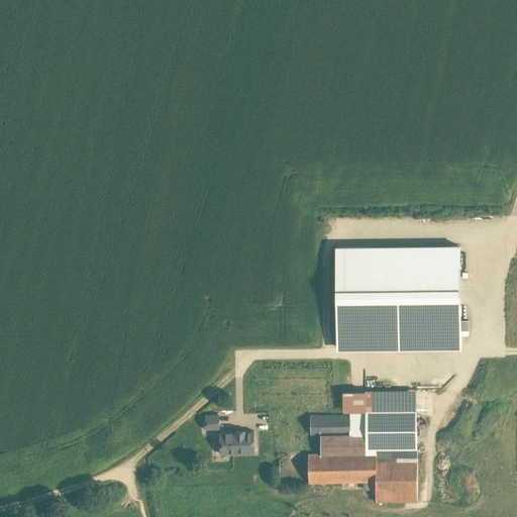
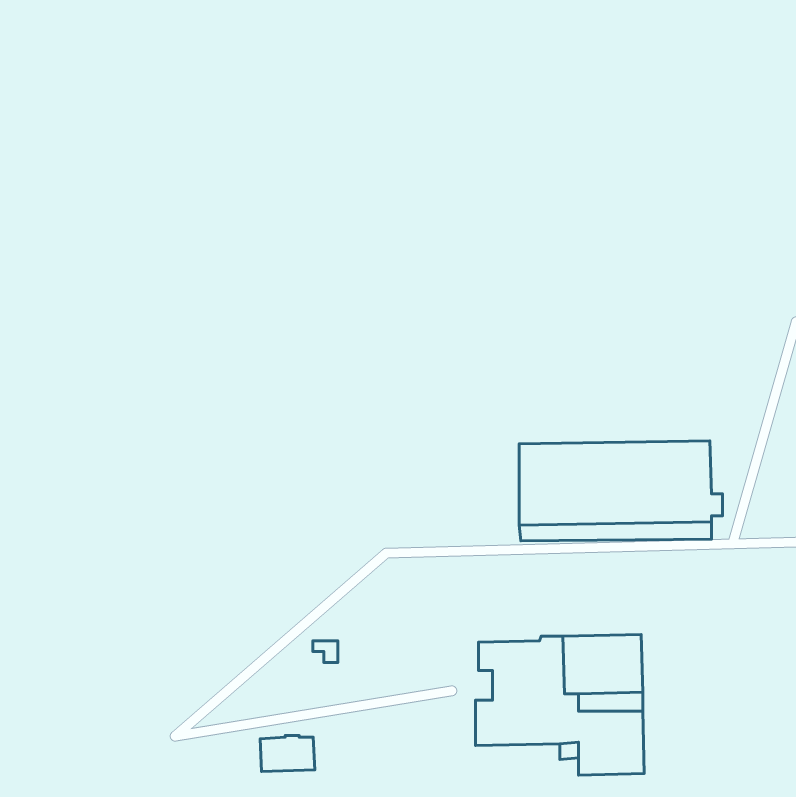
building: [334,247,458,288] -> none
building: [341,391,414,412] -> none
building: [218,430,253,453] -> [260,736,315,772]

